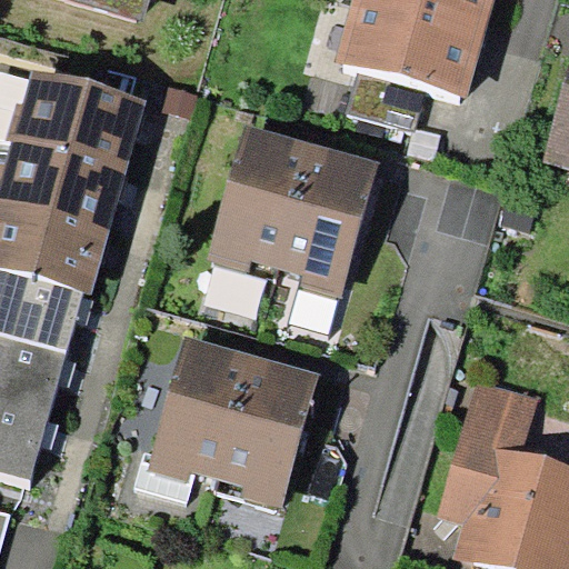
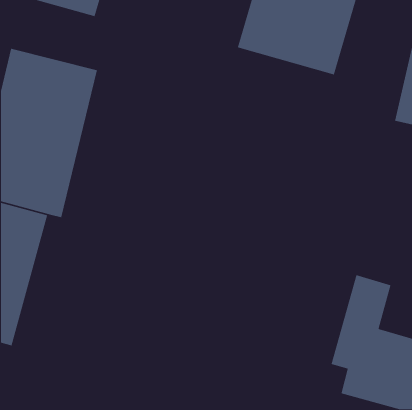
building: [207,128,371,296] -> none
building: [147,337,313,503] -> none

